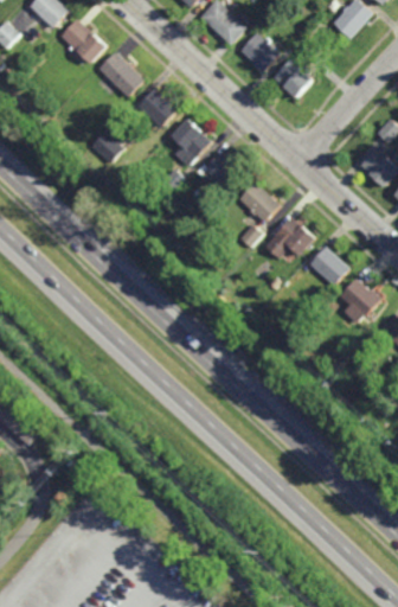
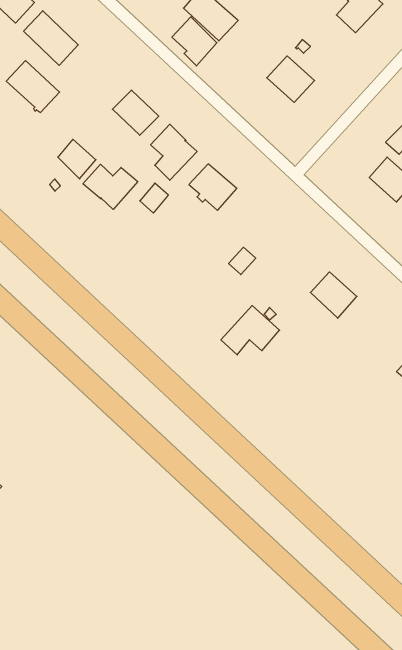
building: [238,31,277,74] -> [172,17,217,66]
building: [97,51,143,96] -> [6,61,60,113]
building: none -> [83,164,138,209]
building: [238,180,278,222] -> none
building: [263,215,314,257] -> [221,306,280,355]
building: [340,276,381,321] -> none

